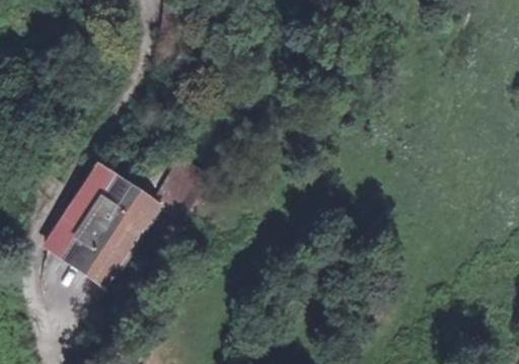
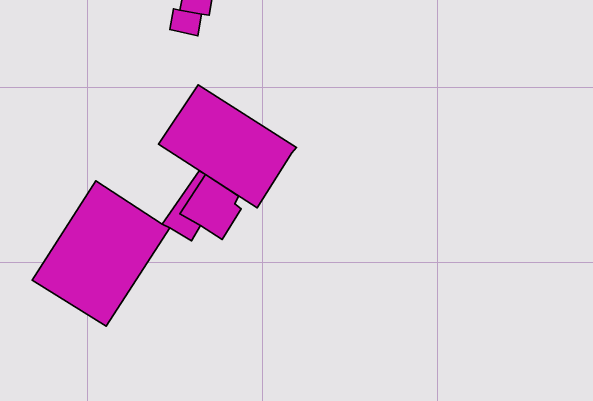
building: none -> [158,85,296,208]

